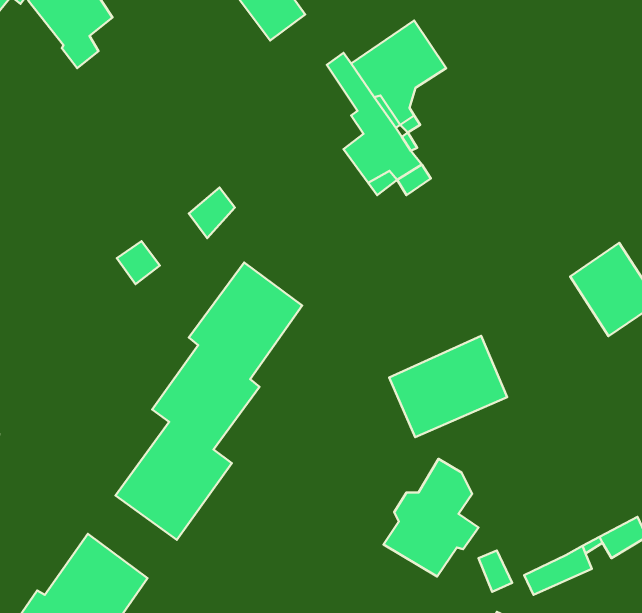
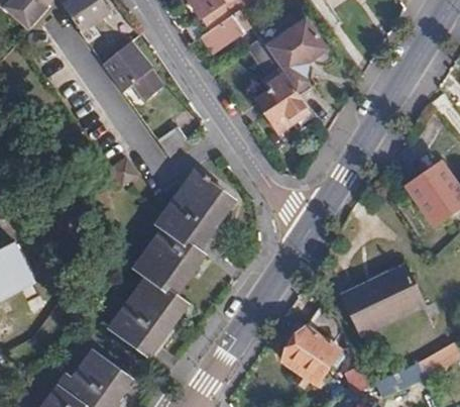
building: none -> [201,7,250,52]
building: none -> [99,43,161,102]
building: [389,336,507,437] -> [345,267,423,333]

